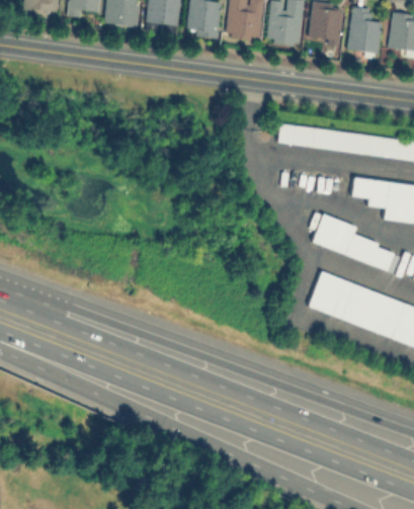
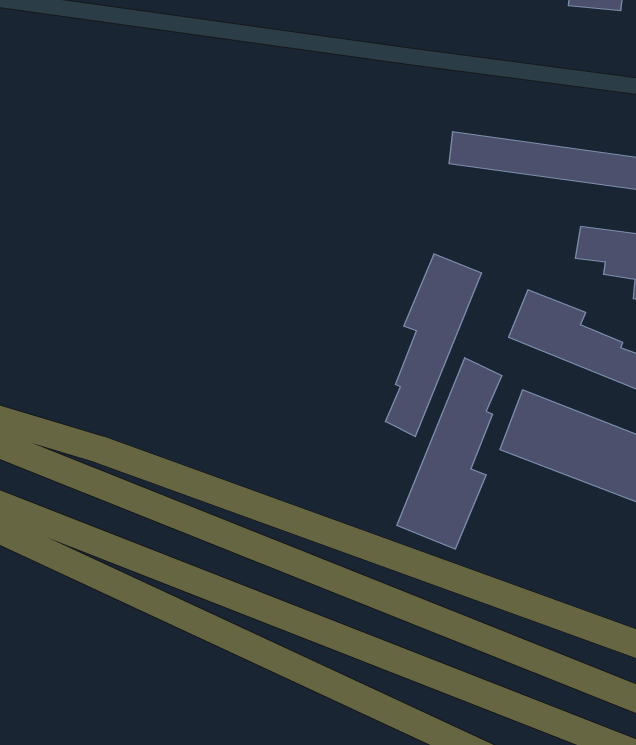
building: none -> [385,254,482,437]
building: none -> [397,358,502,549]

